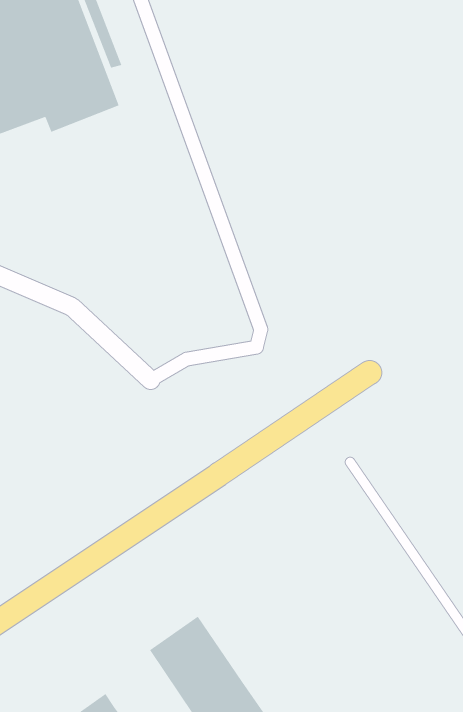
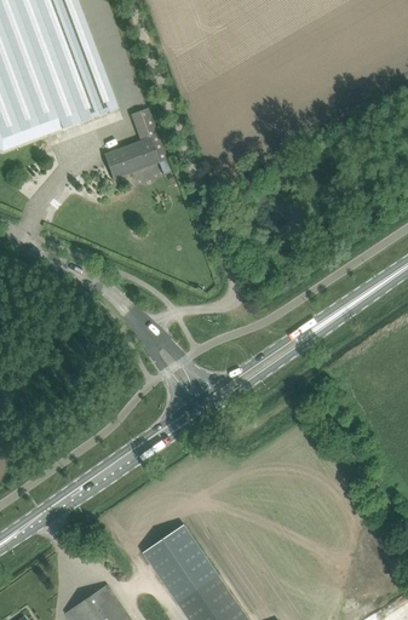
building: none -> [104,99,171,179]

